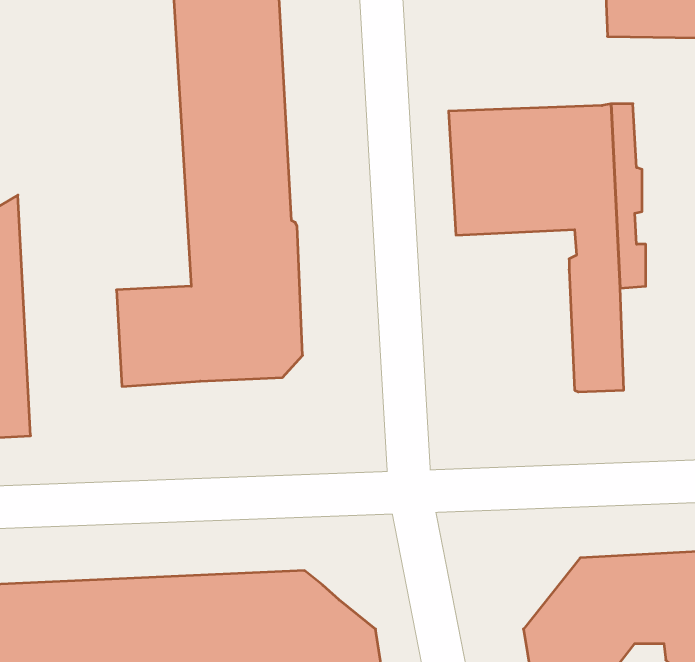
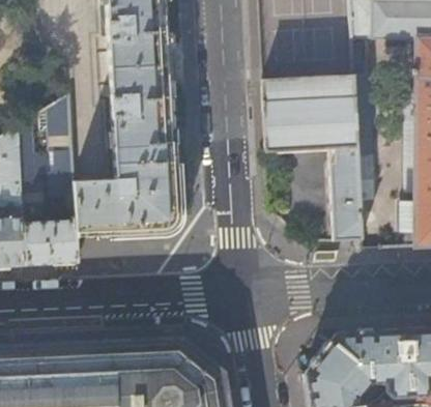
building: none -> [18,99,77,266]

